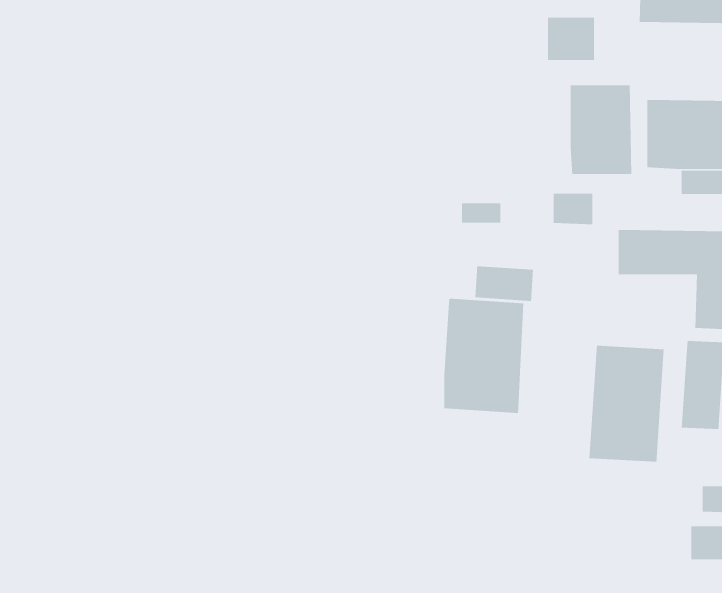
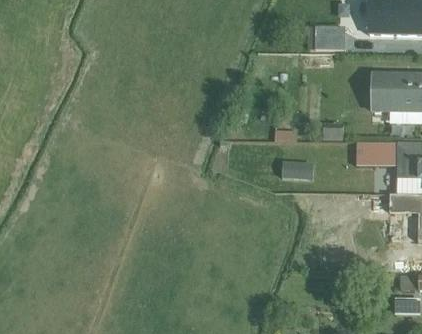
building: [570,85,632,175] -> none
building: [443,298,524,414] -> none
building: [589,345,665,462] -> none

